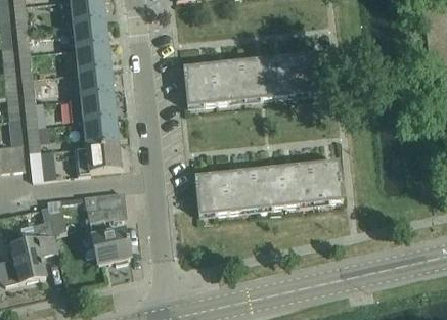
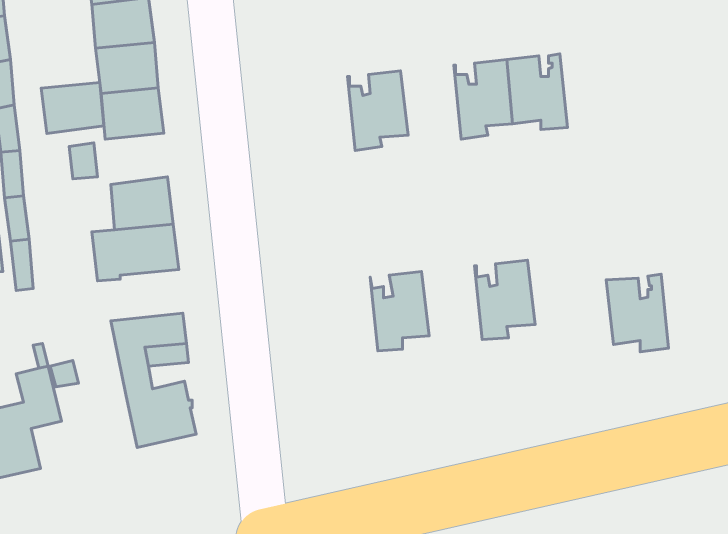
building: [239,56,272,97] -> none
building: [182,62,215,105] -> none
building: [80,93,114,121] -> [41,82,104,134]
building: [308,158,342,200] -> [606,274,669,352]
building: [251,165,283,207] -> none
building: [193,171,227,214] -> none

